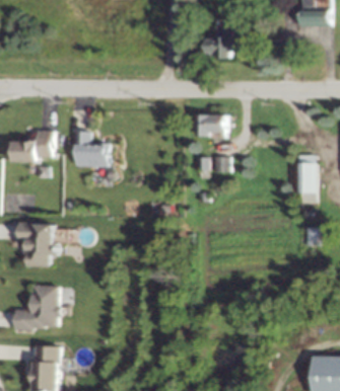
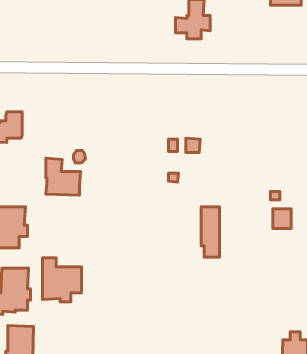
building: [198,114,228,137] -> none
building: [76,130,111,166] -> [46,158,80,195]
building: [297,154,316,204] -> [201,207,220,257]
building: none -> [42,258,82,302]

